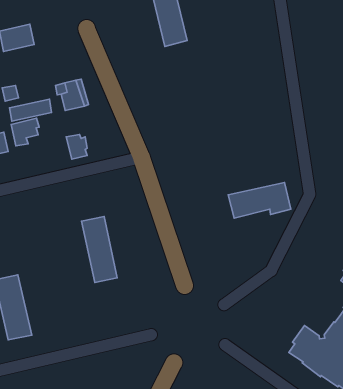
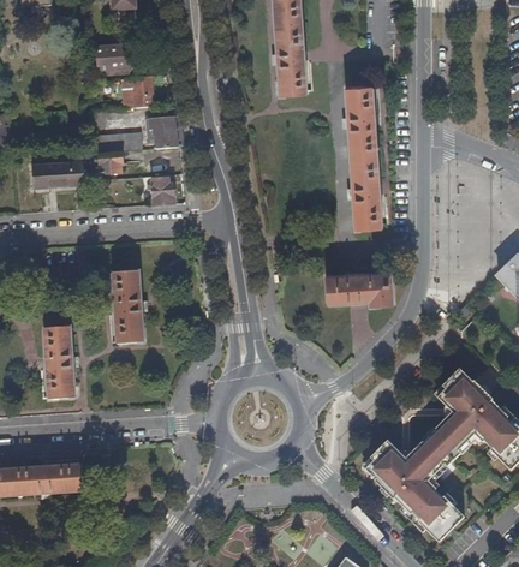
building: none -> [345,85,381,228]
building: none -> [129,76,153,107]
building: [82,216,117,283] -> [113,270,143,344]

